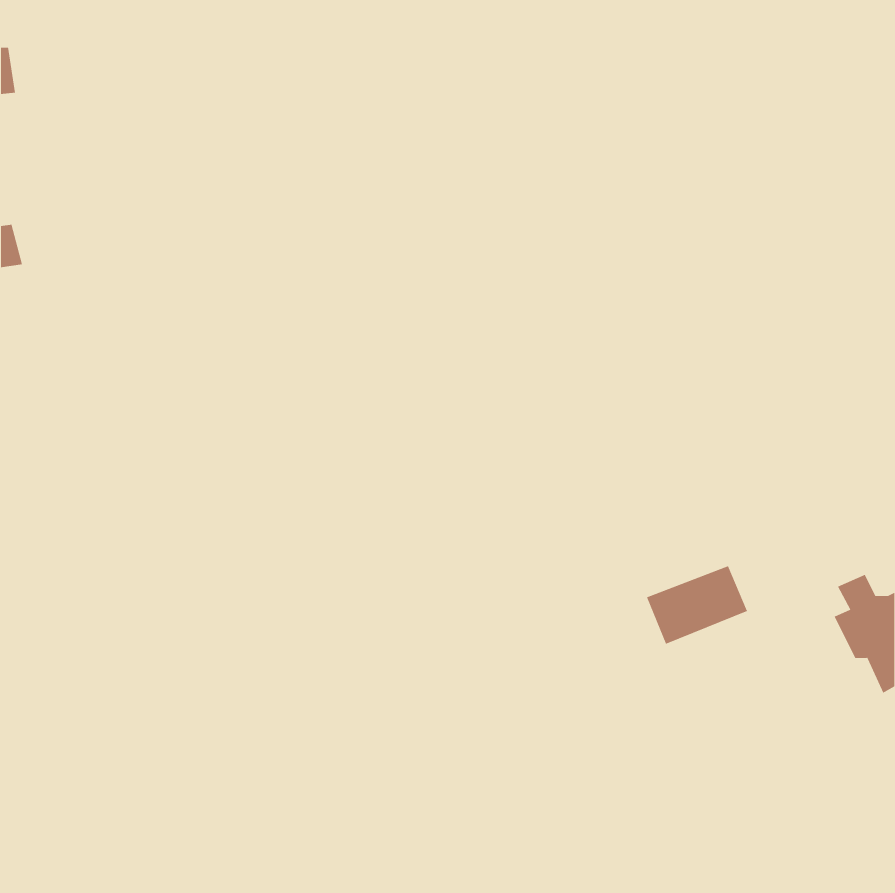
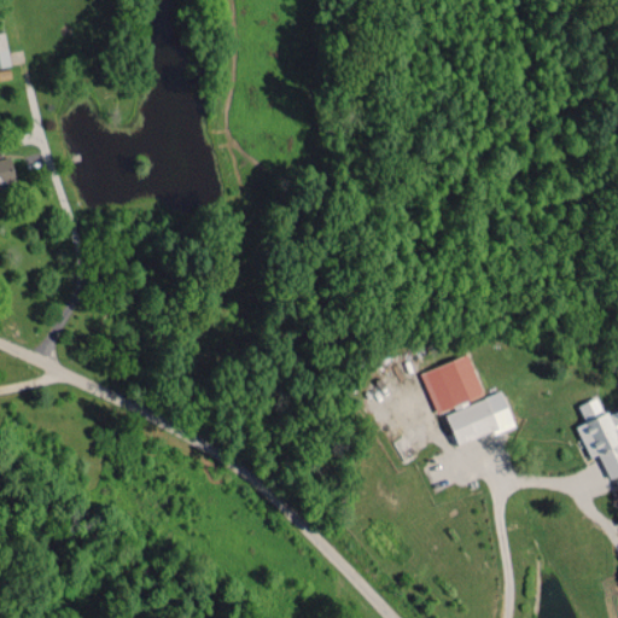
building: none -> [420,354,484,413]

